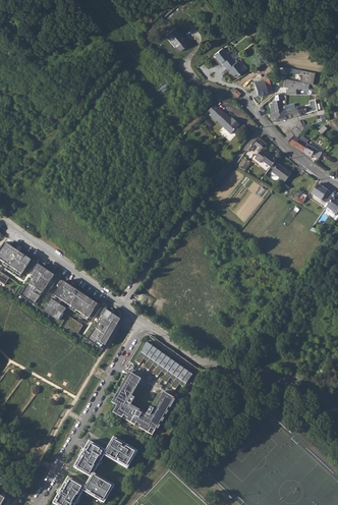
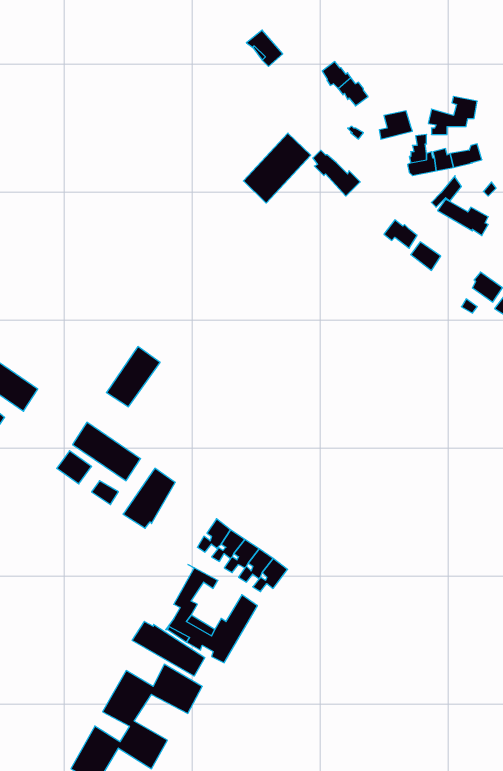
building: none -> [243,133,311,203]
building: [20,264,55,302] -> [106,347,160,407]
building: none -> [132,621,205,676]

